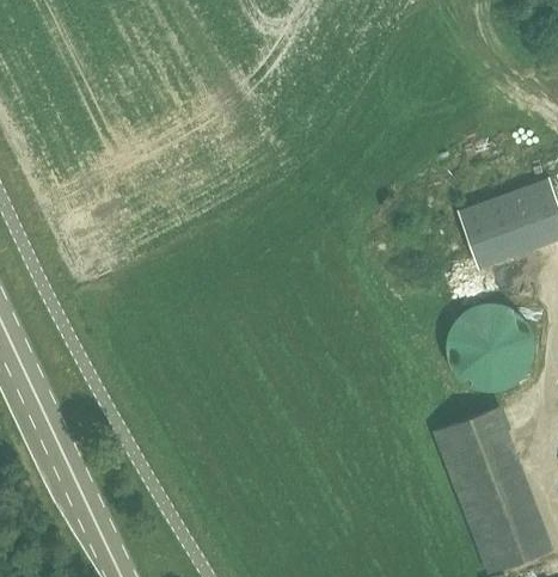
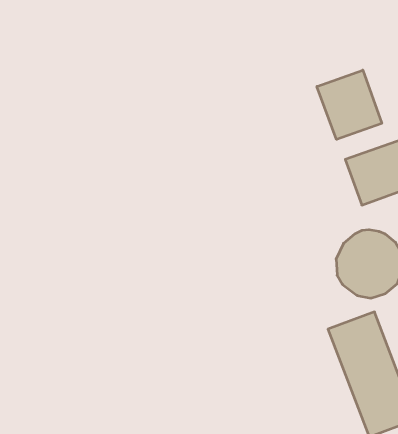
building: none -> [317,70,382,139]

